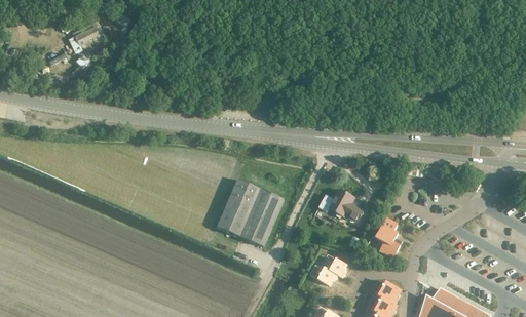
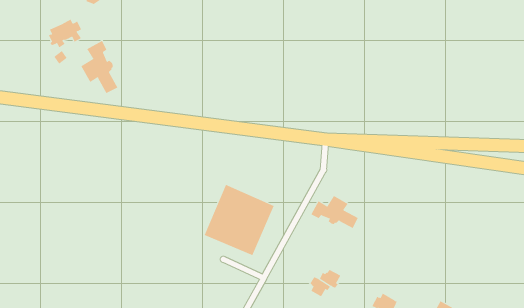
building: none -> [80,40,118,94]
building: [376,217,400,257] -> none

